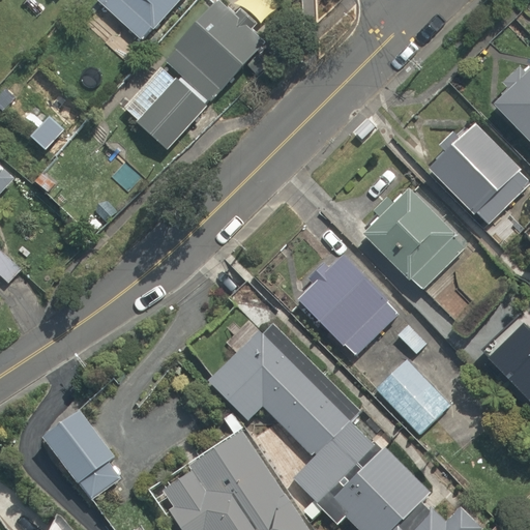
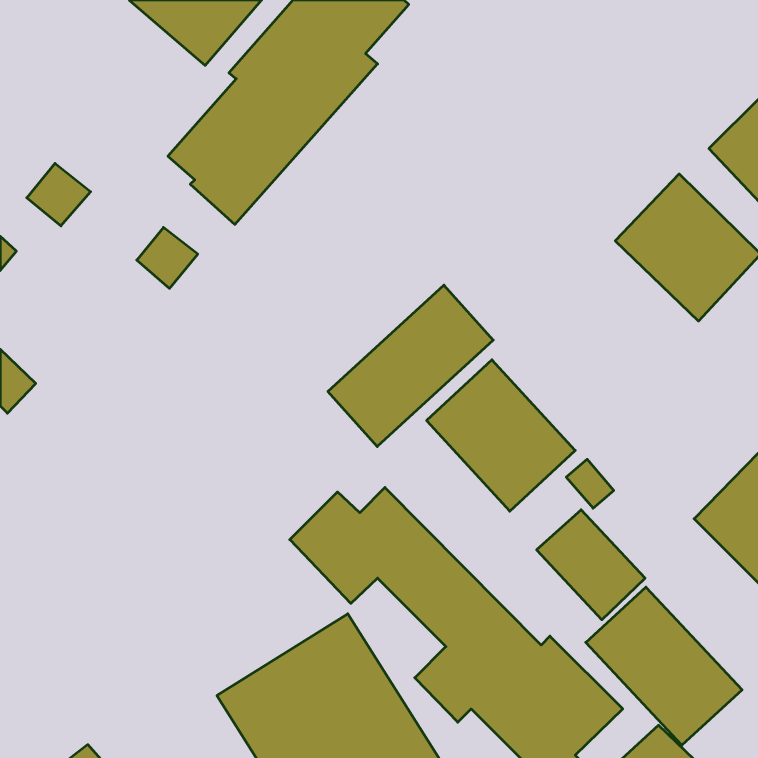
building: [365,186,466,287] -> none
building: none -> [328,285,493,447]
building: none -> [586,587,742,745]
building: [45,411,125,501] -> none

